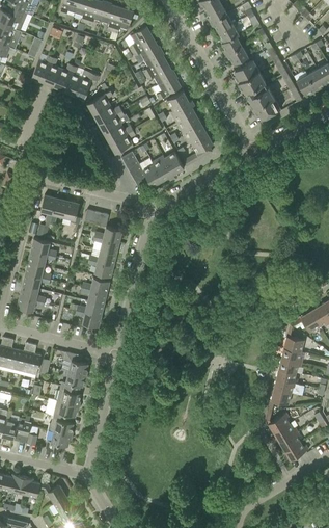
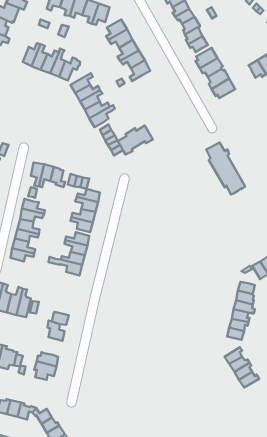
building: [167,91,213,153] -> [206,142,245,194]
building: [61,352,87,375] -> none
building: [45,398,78,422] -> none

